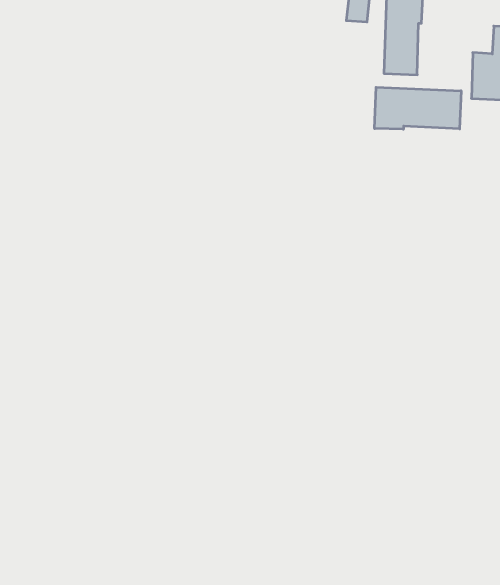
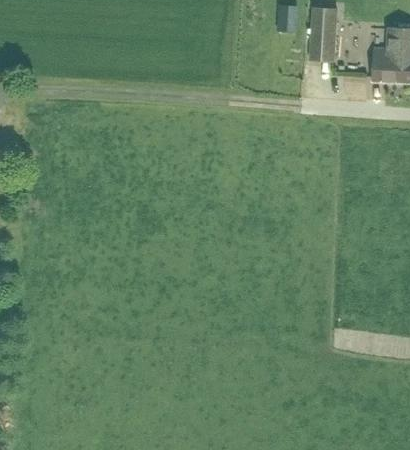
building: [375,87,461,129] -> none

